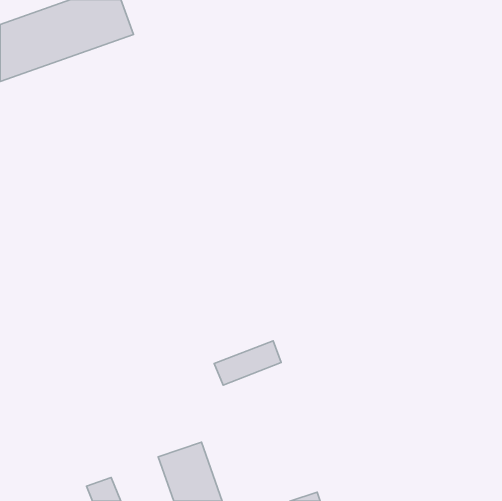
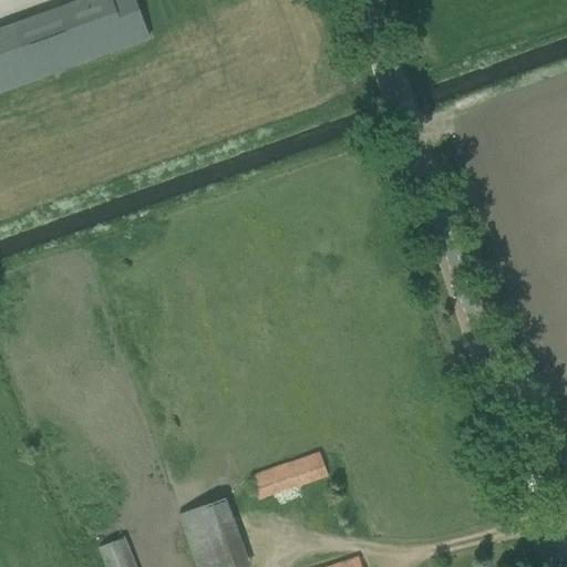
building: [214,341,281,385] -> [251,454,327,504]

